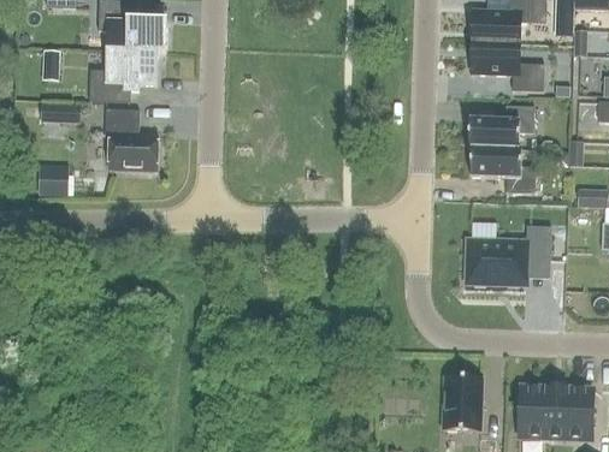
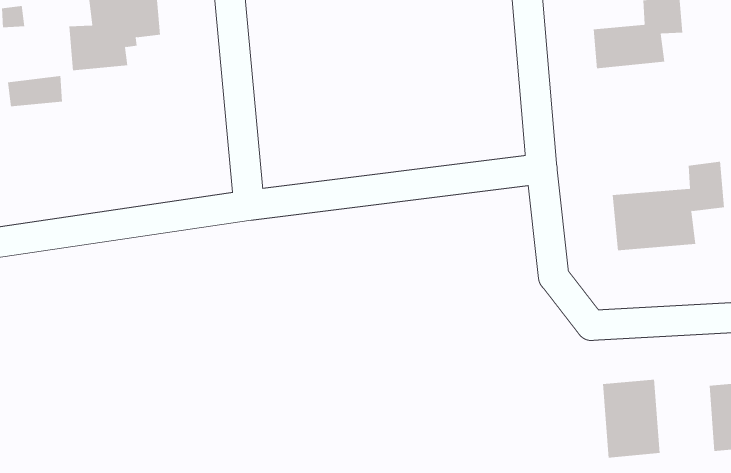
building: [105,108,158,171] -> none
building: [468,147,536,192] -> none
building: [39,163,69,195] -> none

